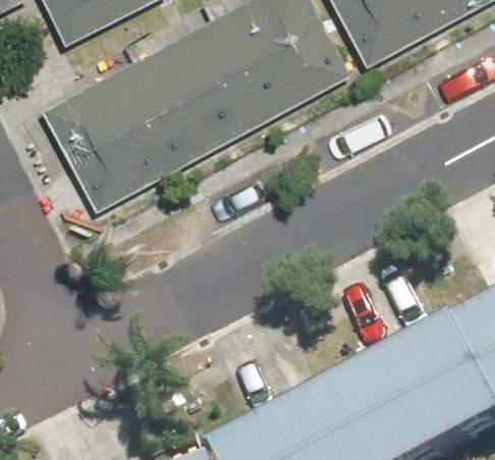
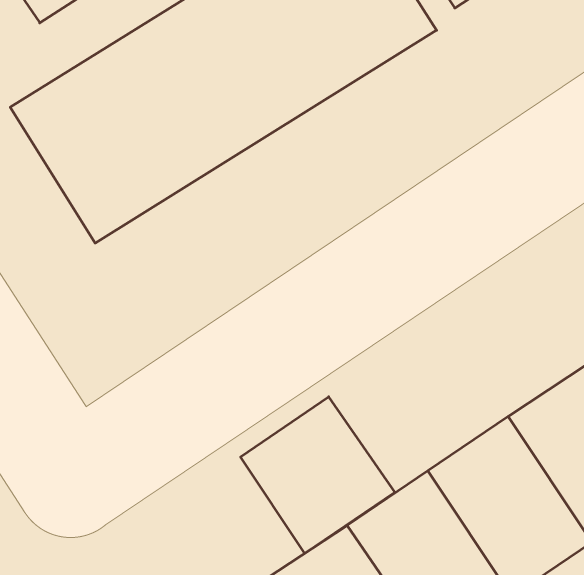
building: none -> [241,397,395,553]

